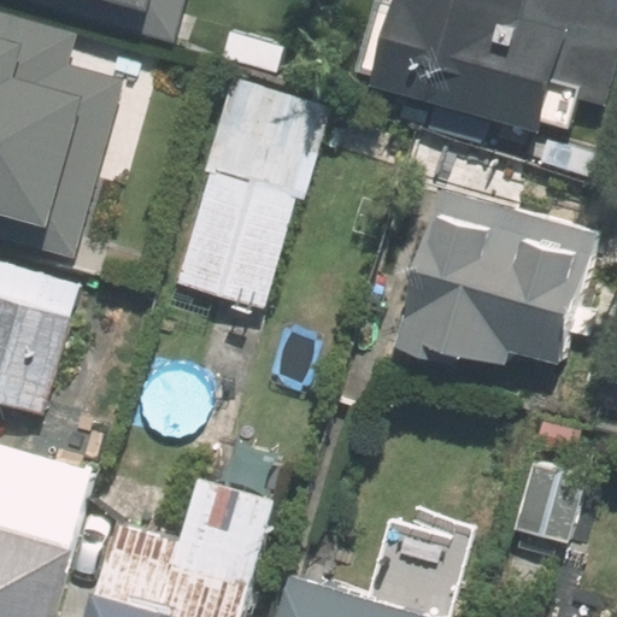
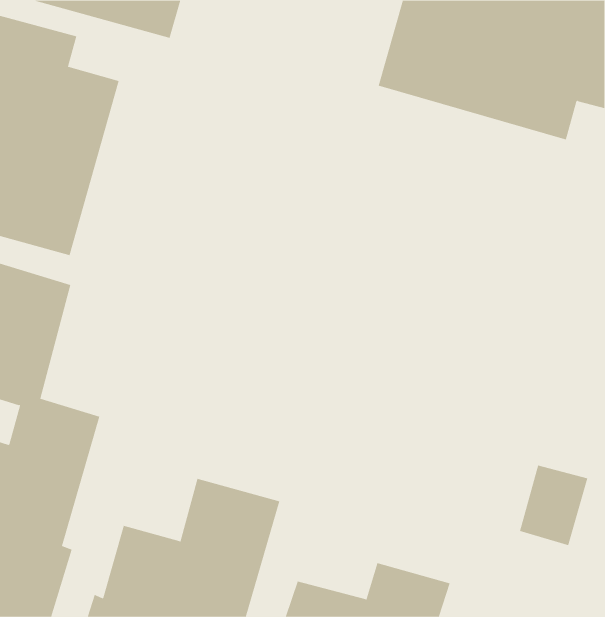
building: [175,78,324,310] -> none
building: [399,212,589,362] -> none

